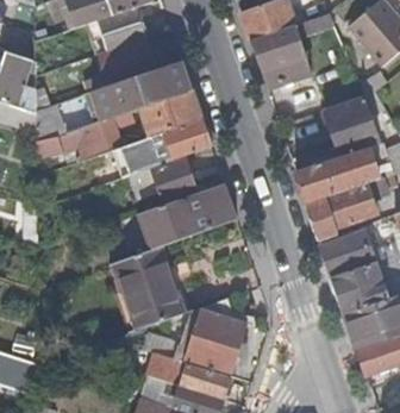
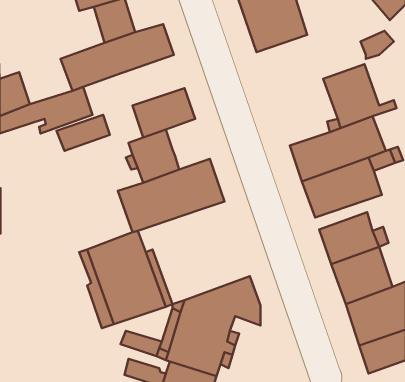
building: [139,89,200,136] -> none

